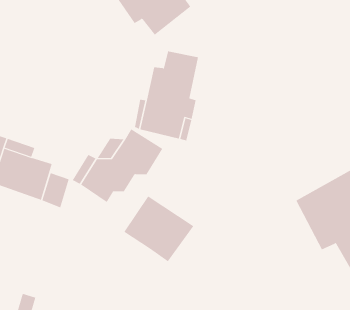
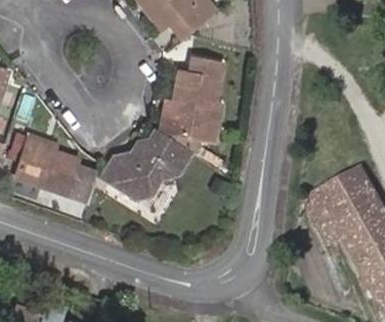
building: [124,196,194,262] -> none

